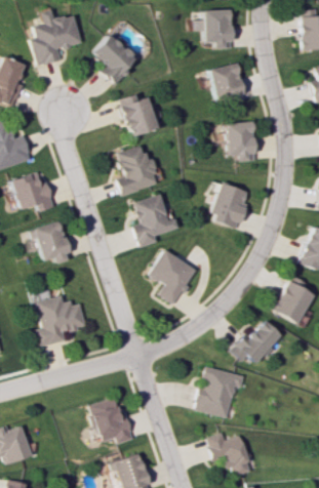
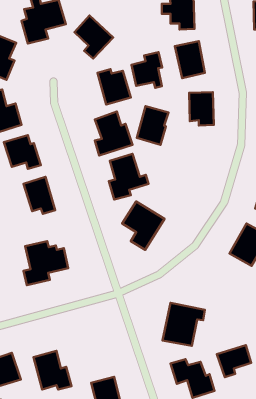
building: none -> [131,52,162,88]
building: [212,184,249,229] -> [137,106,169,145]
building: [232,321,282,363] -> none
building: [89,398,133,443] -> [33,351,71,390]
building: none -> [217,345,251,377]

